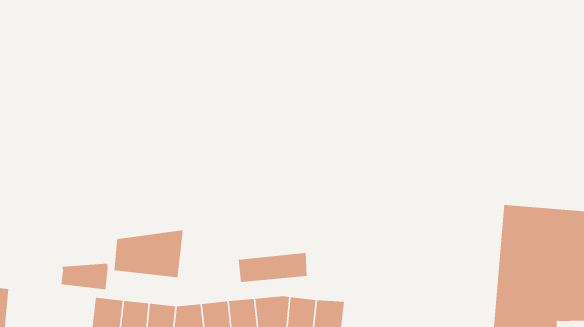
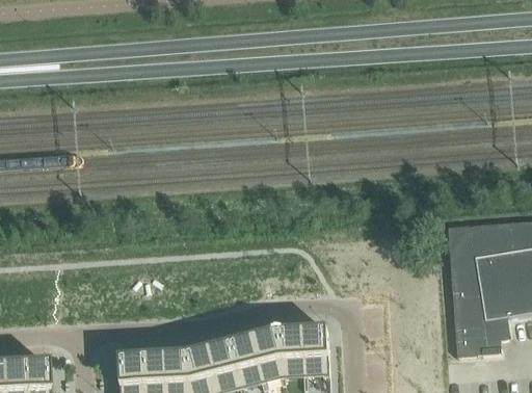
building: [114,229,183,278] -> none
building: [238,252,307,283] -> none
building: [61,263,108,290] -> none

